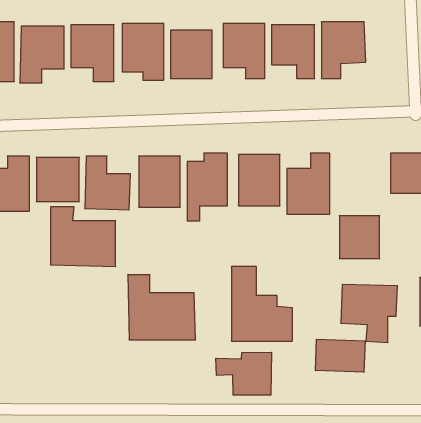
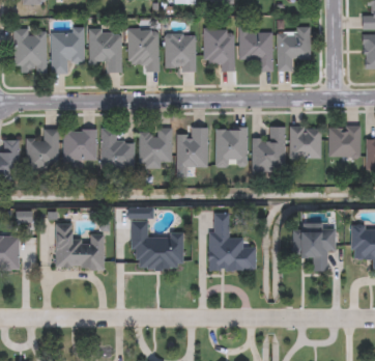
building: [51,207,116,266] -> [55,223,104,268]
building: [339,216,380,259] -> [290,128,320,160]
building: [316,339,365,372] -> none
building: [216,352,272,395] -> none

